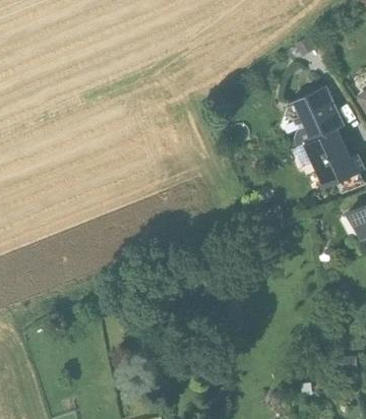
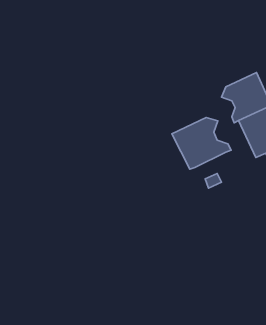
building: none -> [172,117,231,169]

